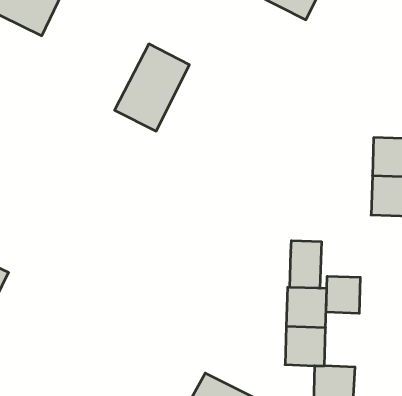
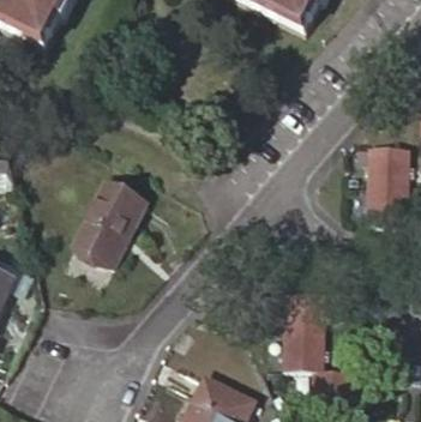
building: [115,44,189,131] -> [72,177,145,263]
building: [290,241,321,288] -> none
building: [326,276,360,313] -> none

